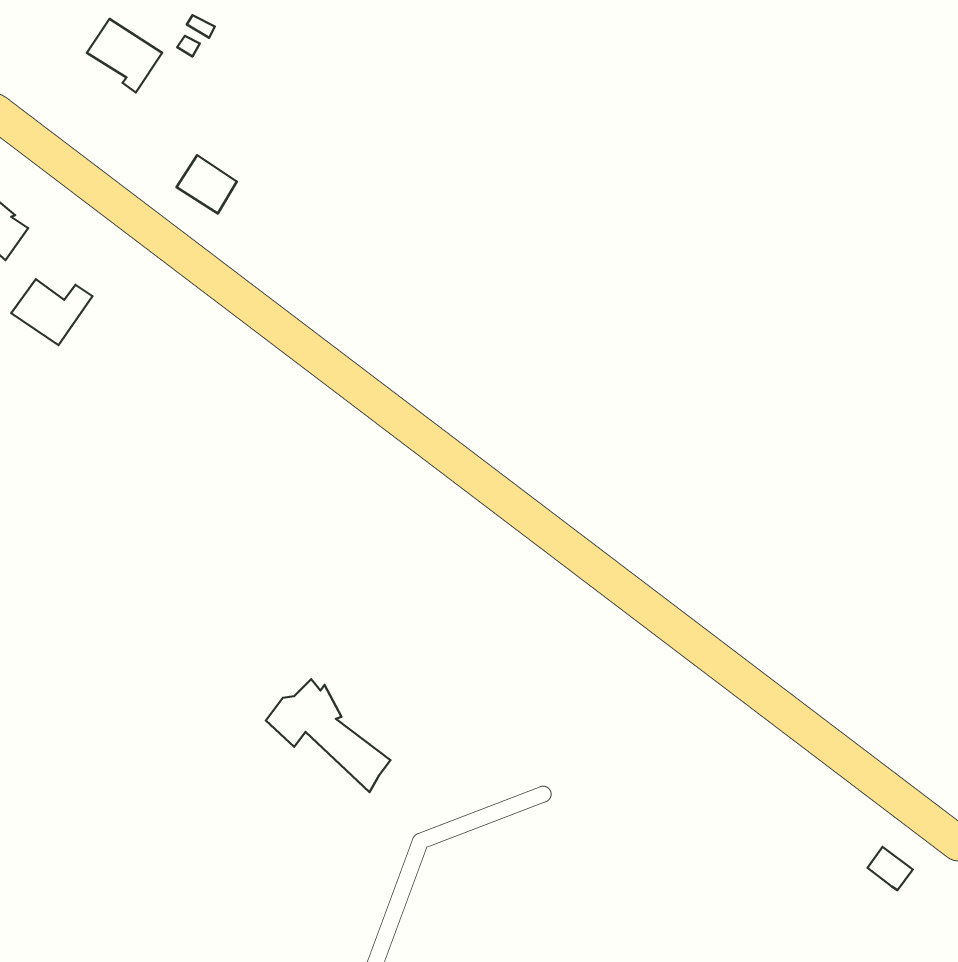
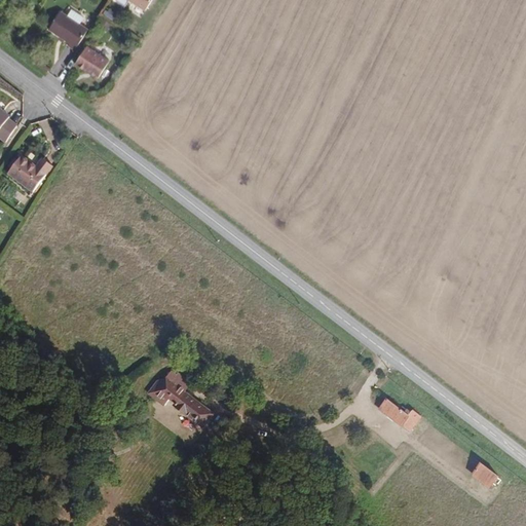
building: [176,155,237,213] -> [75,45,108,77]
building: none -> [378,399,419,430]

